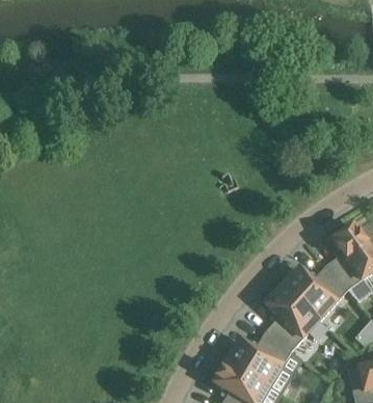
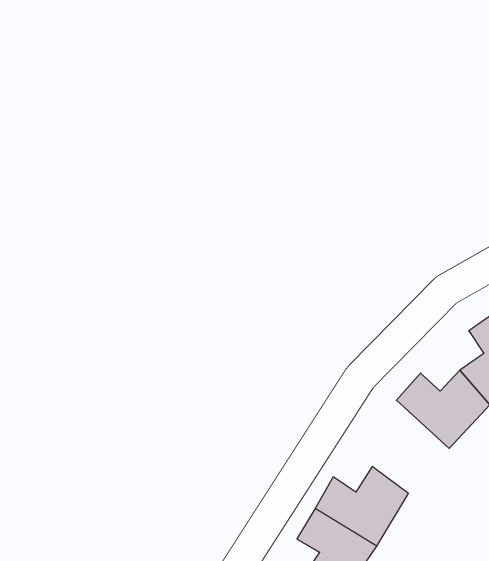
building: [267,285,320,349] -> none

